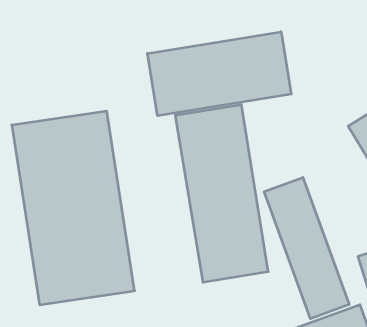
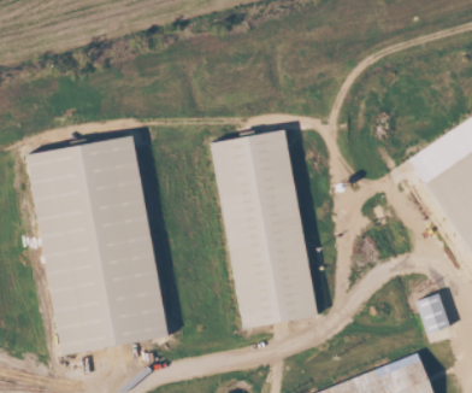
building: [147,32,291,116] -> none
building: [264,177,349,319] -> none

